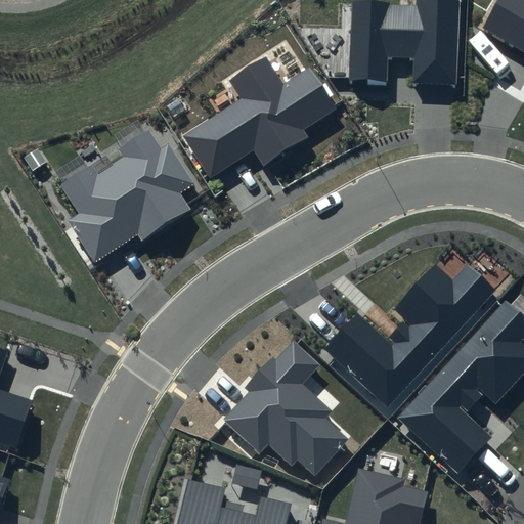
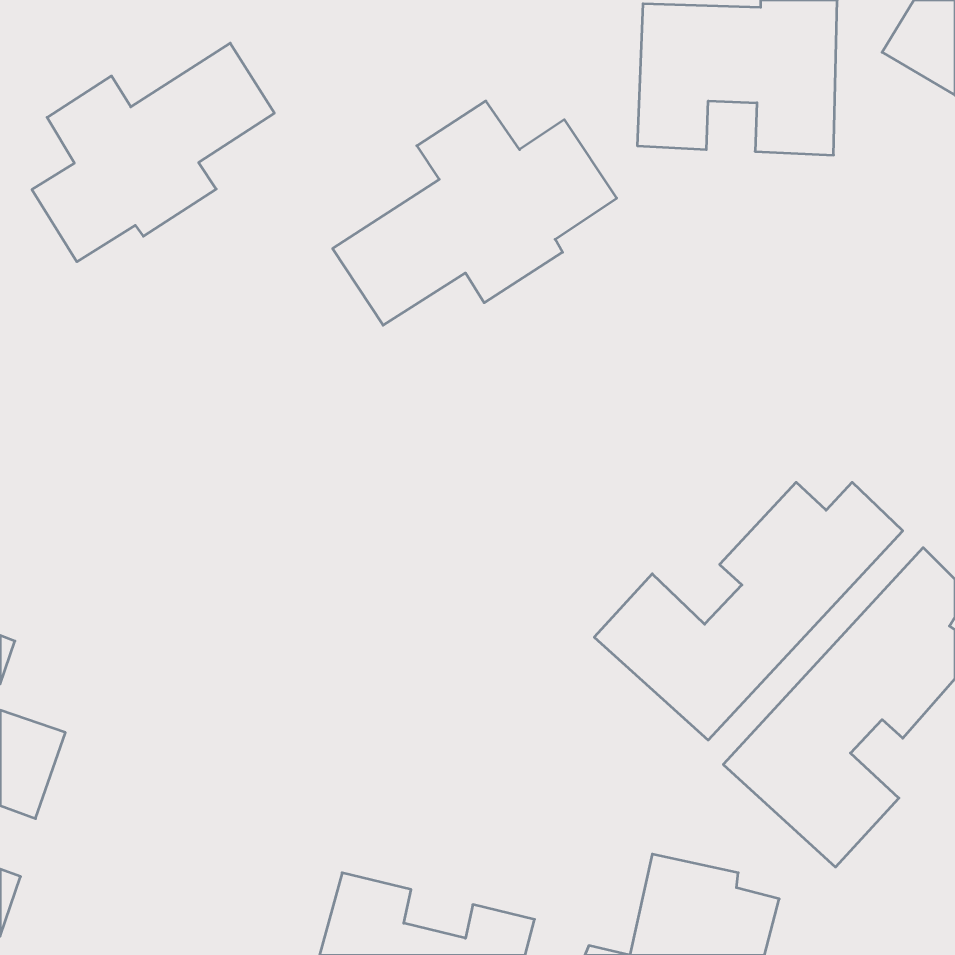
building: none -> [32,43,274,262]
building: [60,131,195,262] -> none
building: [221,342,347,474] -> none

